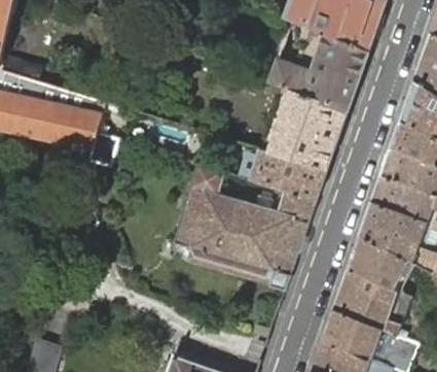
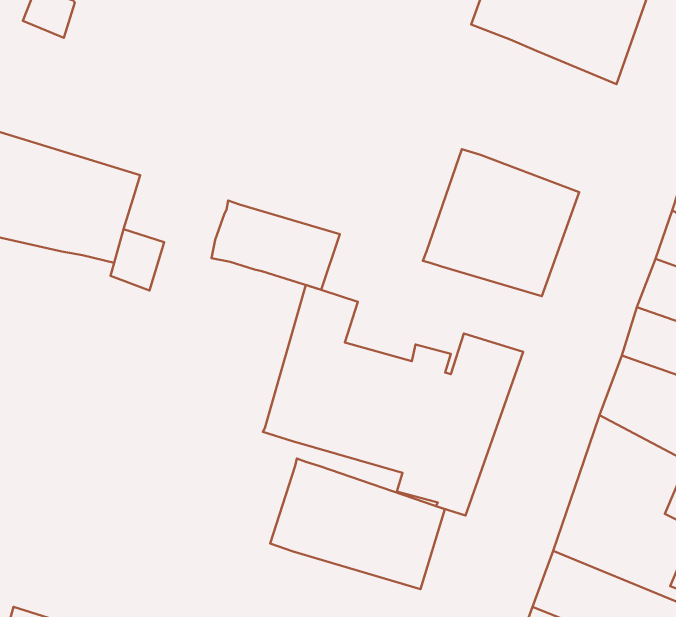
building: [268,28,368,112] -> none
building: [256,151,327,201] -> [212,201,340,290]
building: none -> [270,458,445,589]

